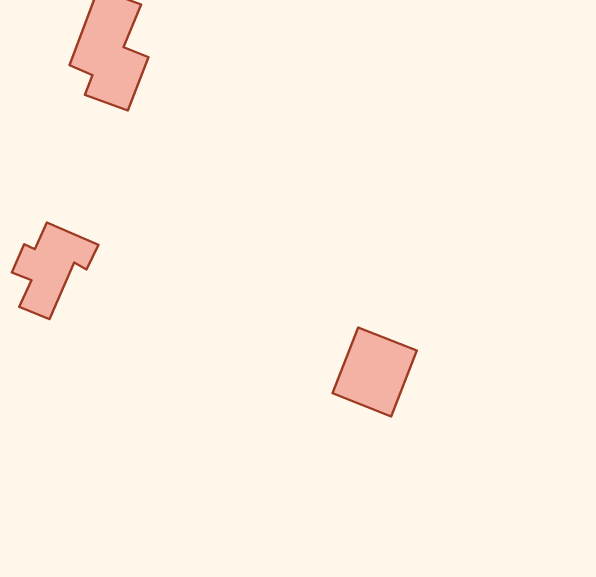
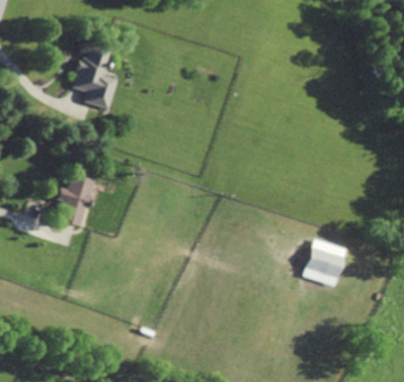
building: [332,327,417,416] -> [303,240,346,286]

